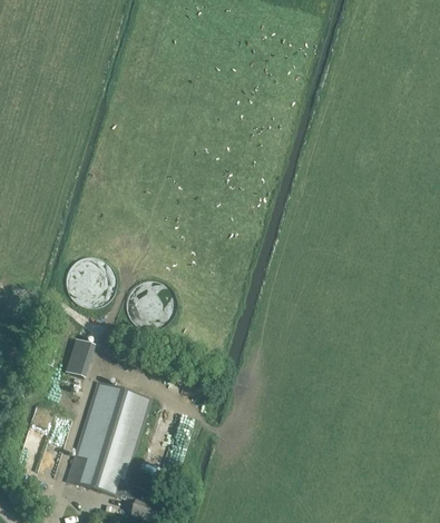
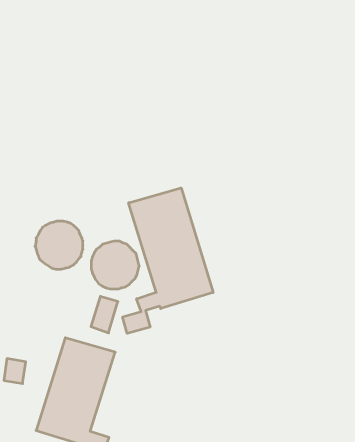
building: none -> [123,188,213,333]
building: [66,339,95,378] -> [91,296,118,333]

